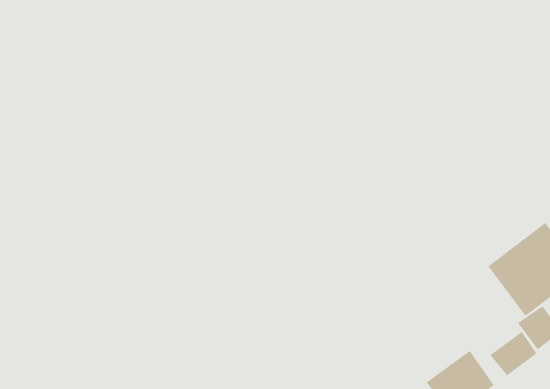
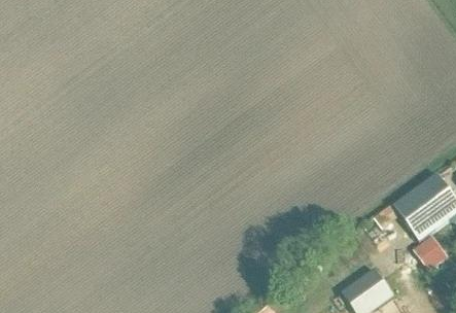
building: [490,331,537,376] -> none

